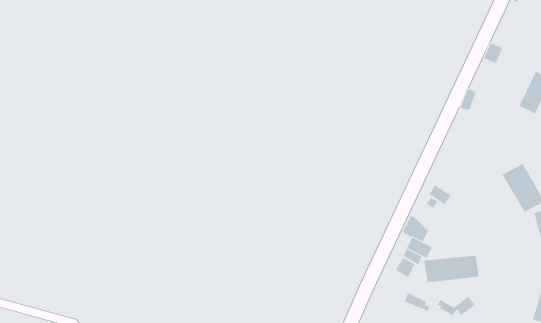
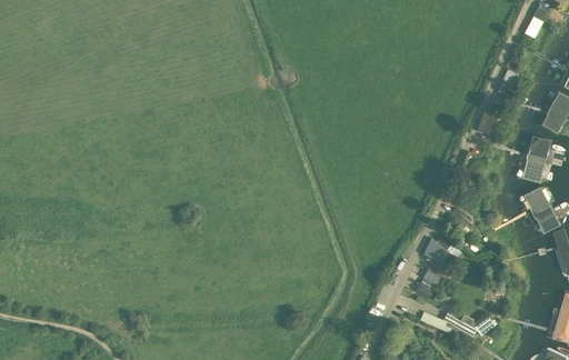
building: none -> [518,137,550,183]
building: [424,255,479,283] -> none

